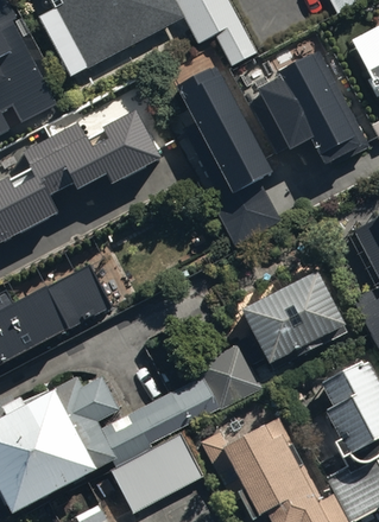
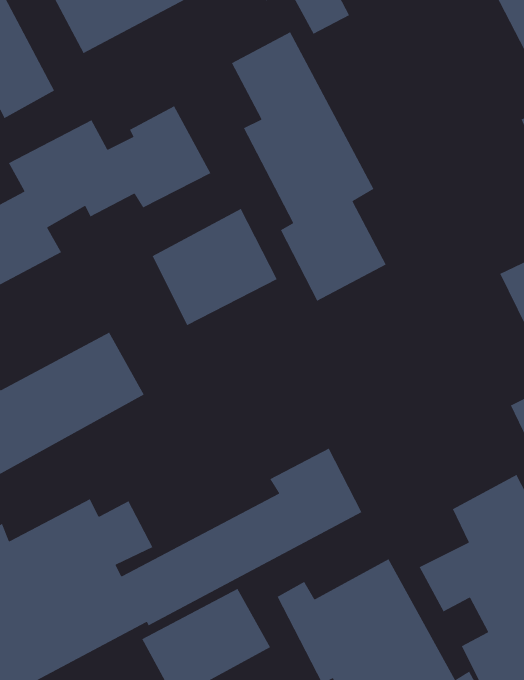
building: [246,49,365,165] -> none
building: none -> [152,208,278,326]
building: [241,272,348,364] -> none

